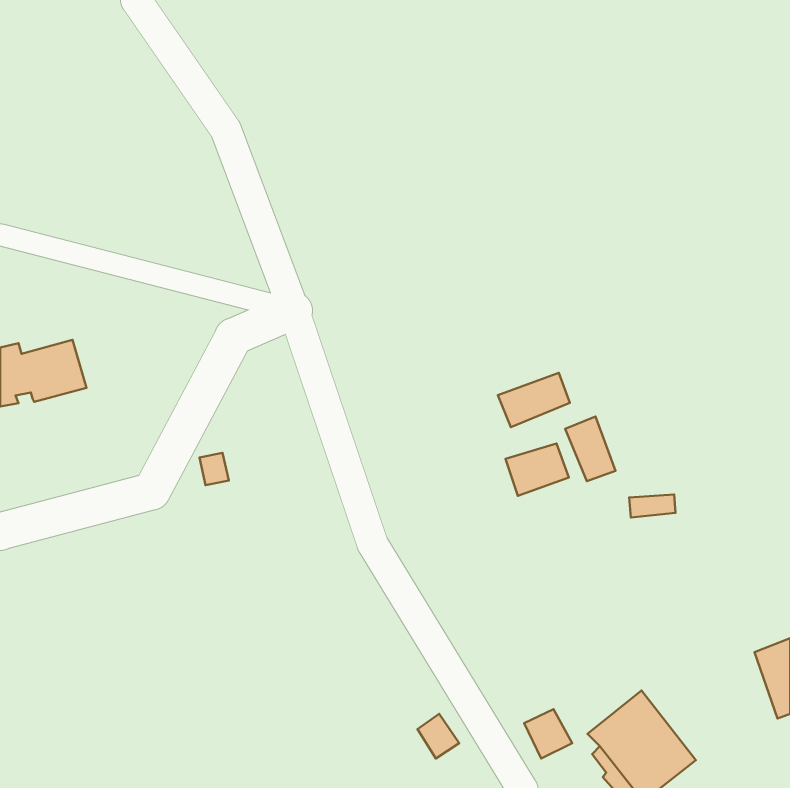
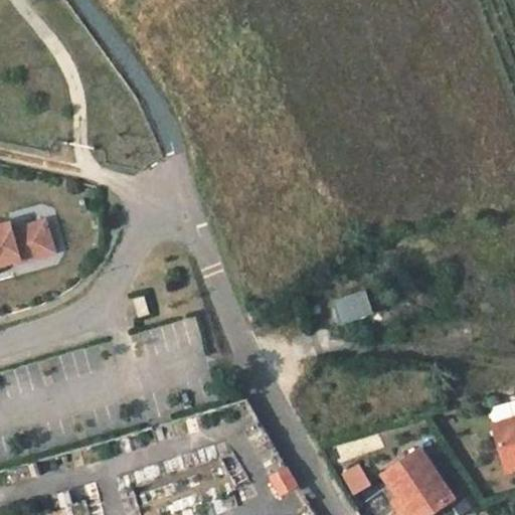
building: [498,373,570,427] -> none
building: [565,417,615,481] -> none

